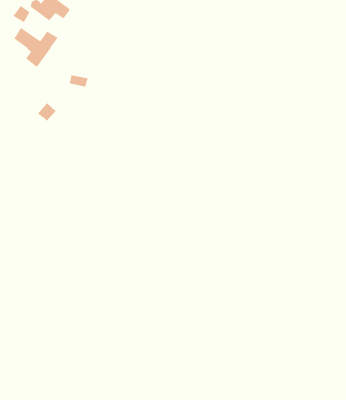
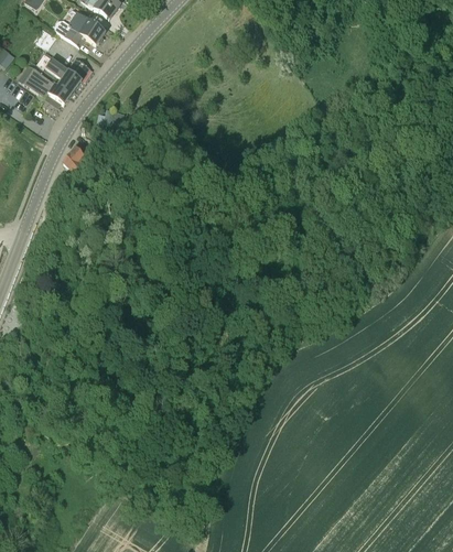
building: none -> [21,67,53,97]

